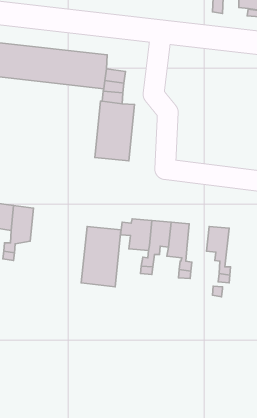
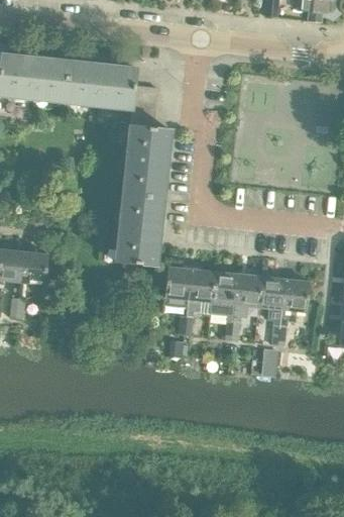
building: none -> [231,274,259,320]
building: [81,226,121,287] -> [113,193,161,267]
building: none -> [278,279,307,326]

